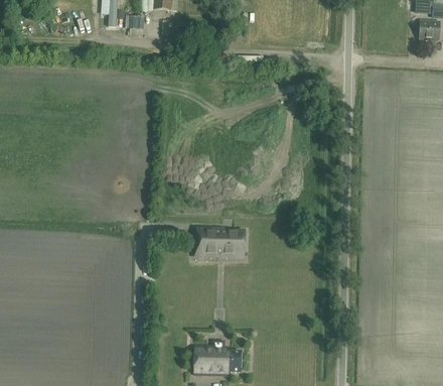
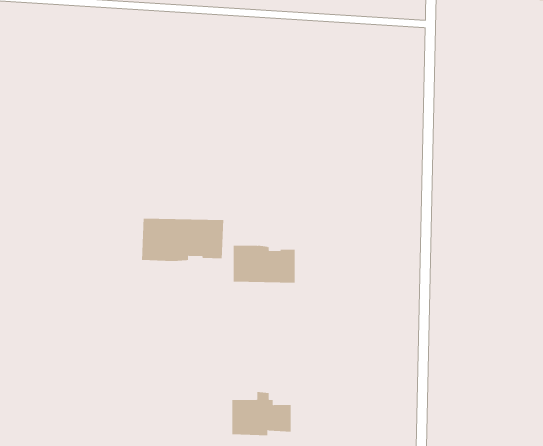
building: none -> [141,218,224,262]

